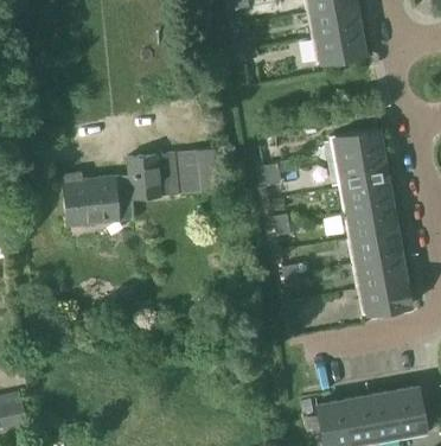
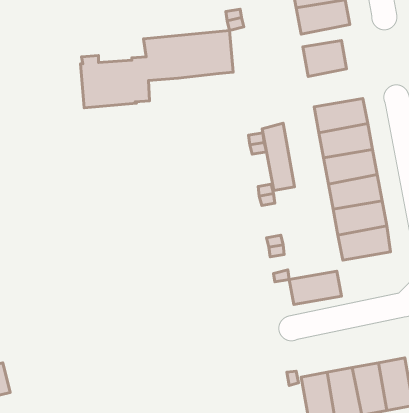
building: none -> [303,40,347,77]
building: [65,149,217,227] -> [80,30,233,108]
building: none -> [262,123,295,191]
building: [358,282,410,316] -> [289,271,342,304]

